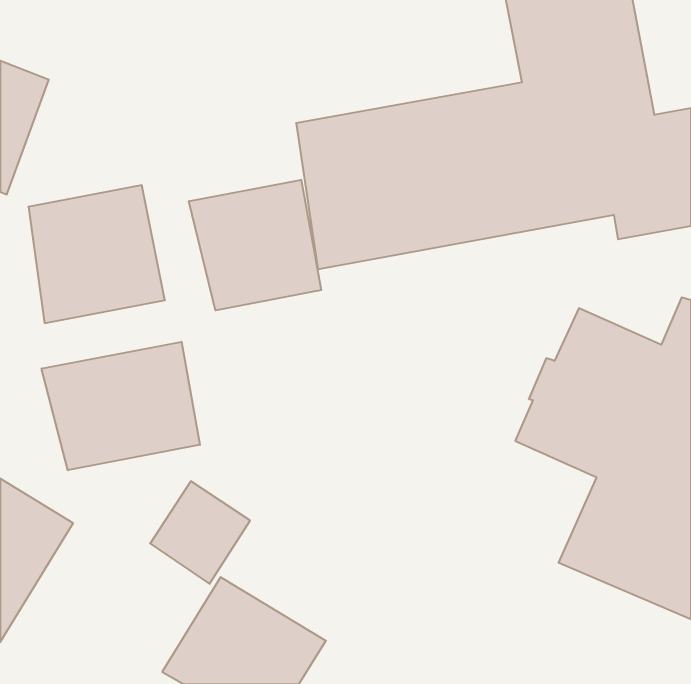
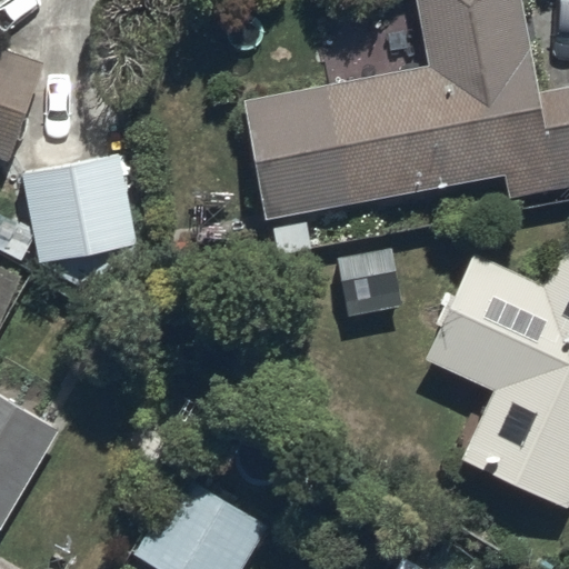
building: [189,180,321,310] -> none
building: [42,342,200,470] -> none

